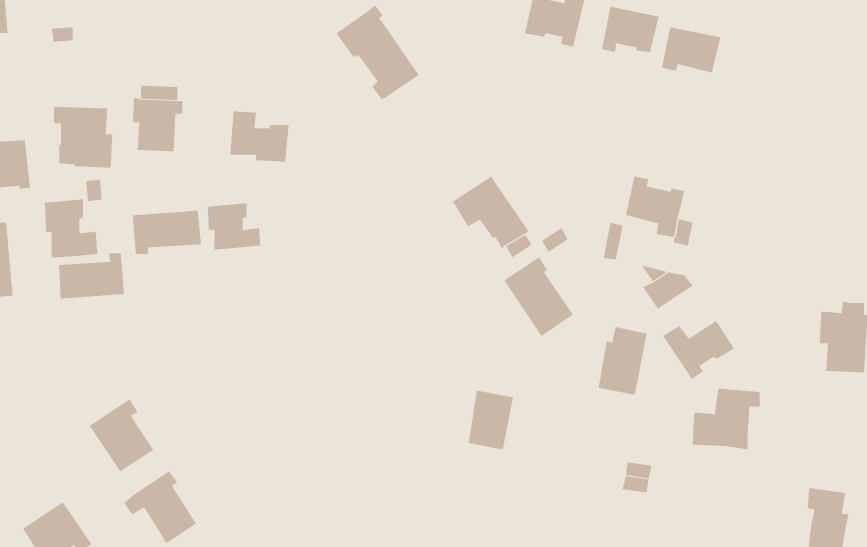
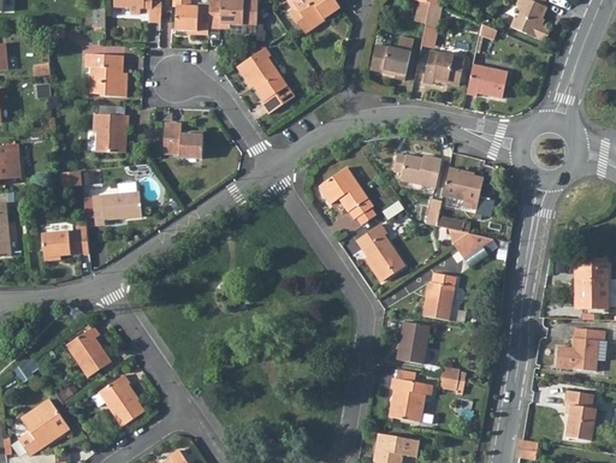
building: [53,107,113,168] -> [88,54,130,97]
building: none -> [390,156,439,190]
building: [44,199,98,258] -> none
building: [207,202,261,250] -> none
building: [662,320,735,380] -> none
building: [692,388,760,450] -> [557,322,605,366]
building: [468,390,514,450] -> [397,323,430,366]
building: none -> [389,378,431,422]

